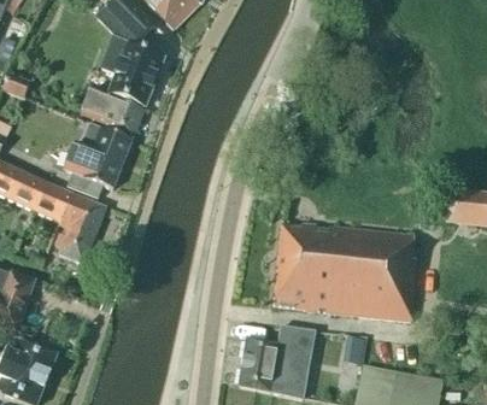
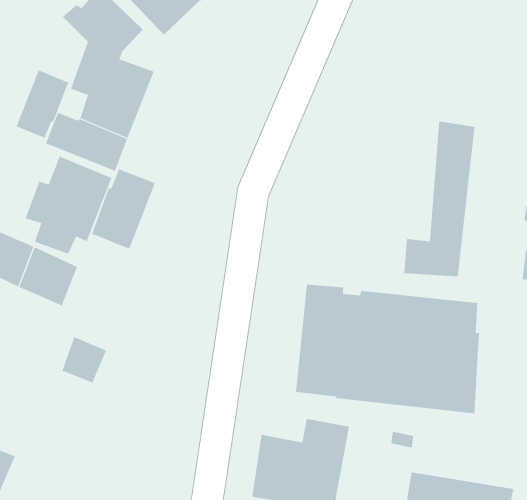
building: none -> [16,70,69,139]
building: none -> [404,120,475,277]
building: none -> [91,168,156,250]
building: [58,227,93,263] -> [61,336,107,383]

